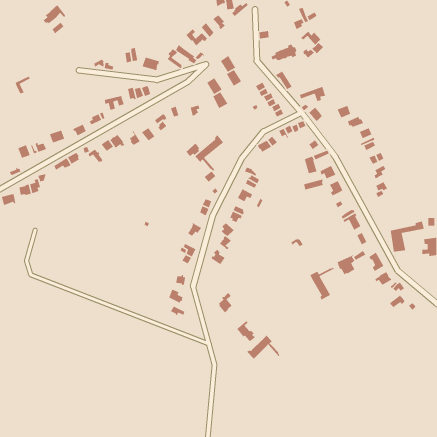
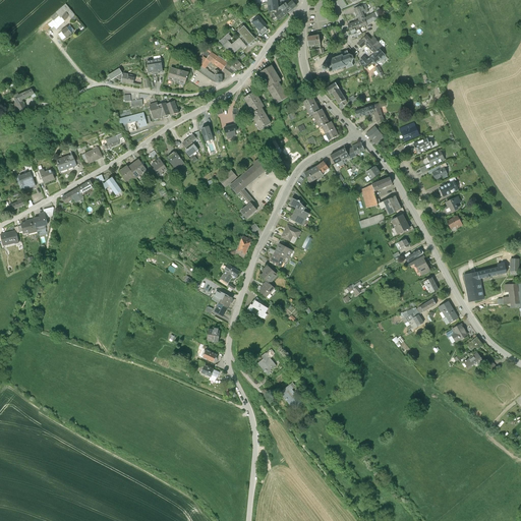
building: [309,267,335,301] -> none
building: [246,335,280,359] -> none

